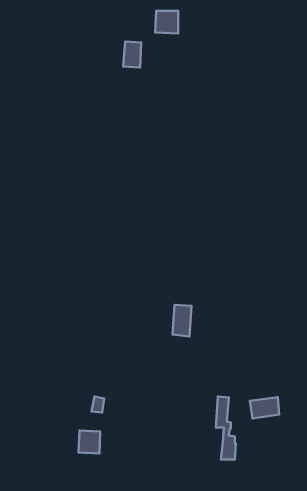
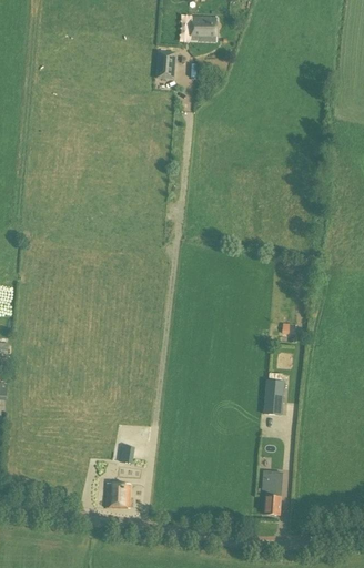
building: [172,305,191,337] -> [263,379,284,415]
building: [250,397,279,419] -> none

